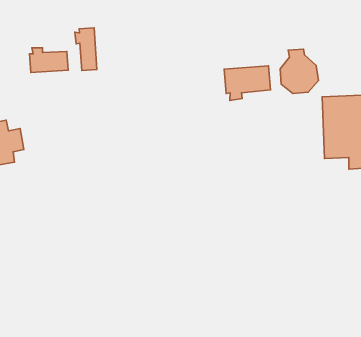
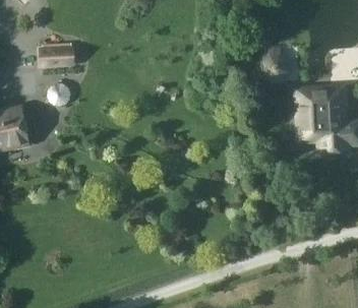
building: [75,28,97,70] -> none
building: [224,66,270,100] -> none

